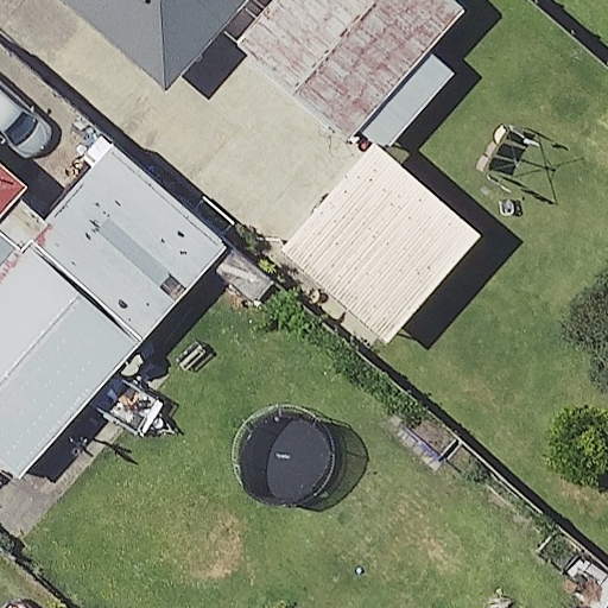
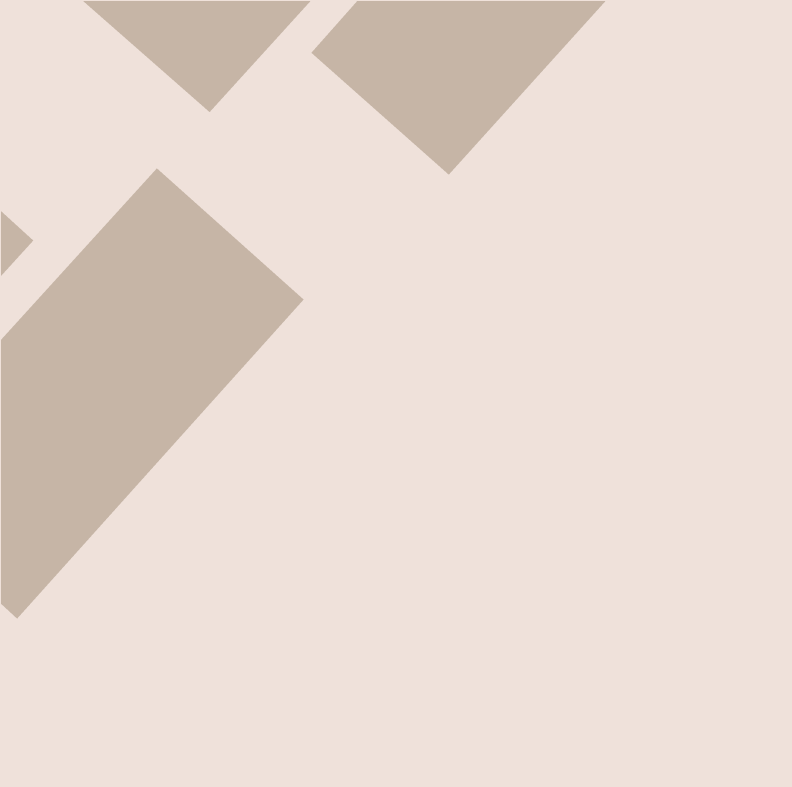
building: [280,140,483,342] -> none

